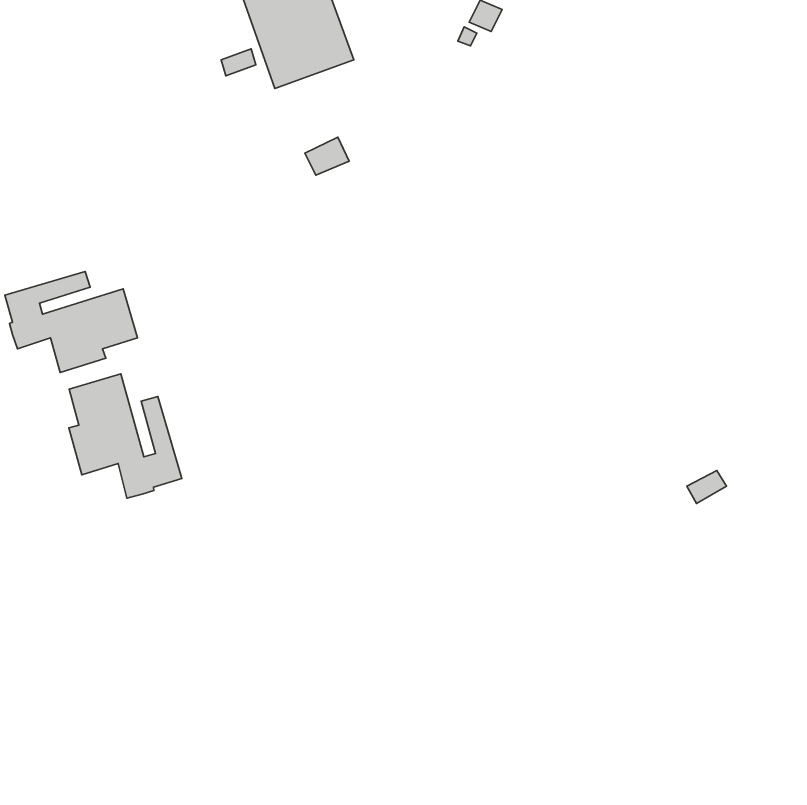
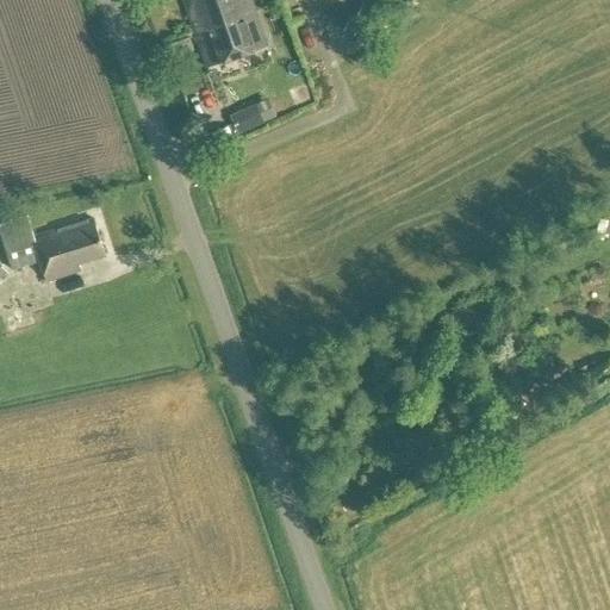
building: [69,374,182,498] -> none

